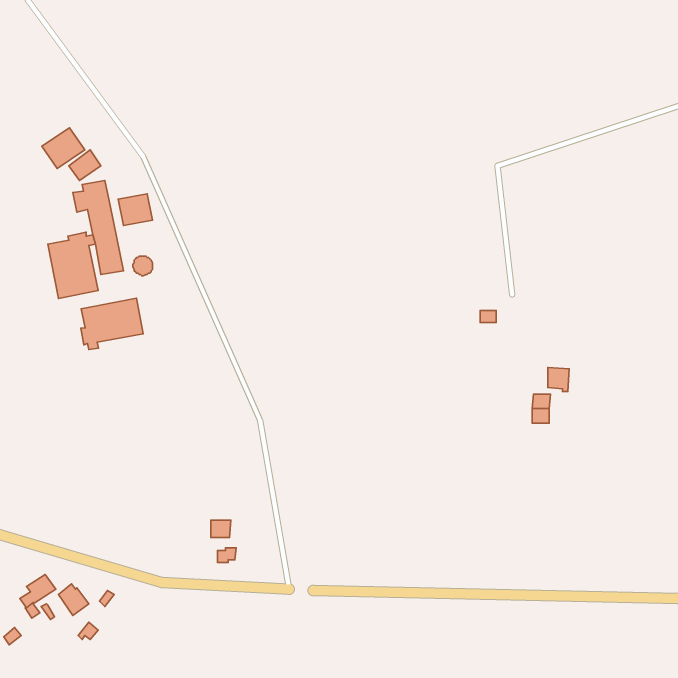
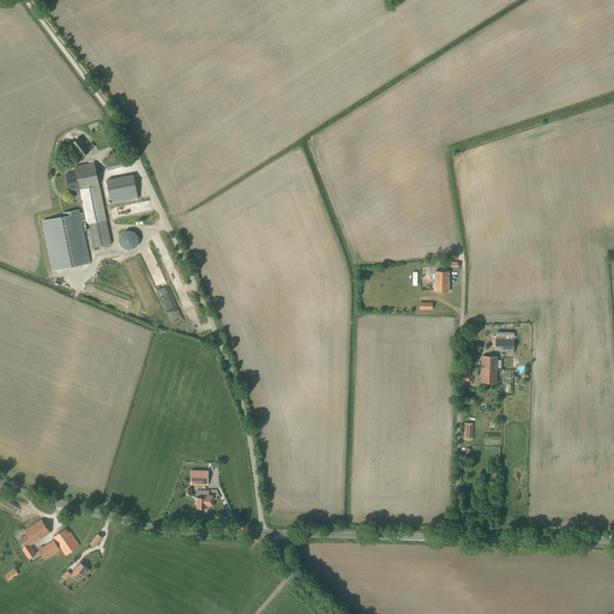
building: [42,128,85,168] -> none
building: [81,298,143,349] -> none

